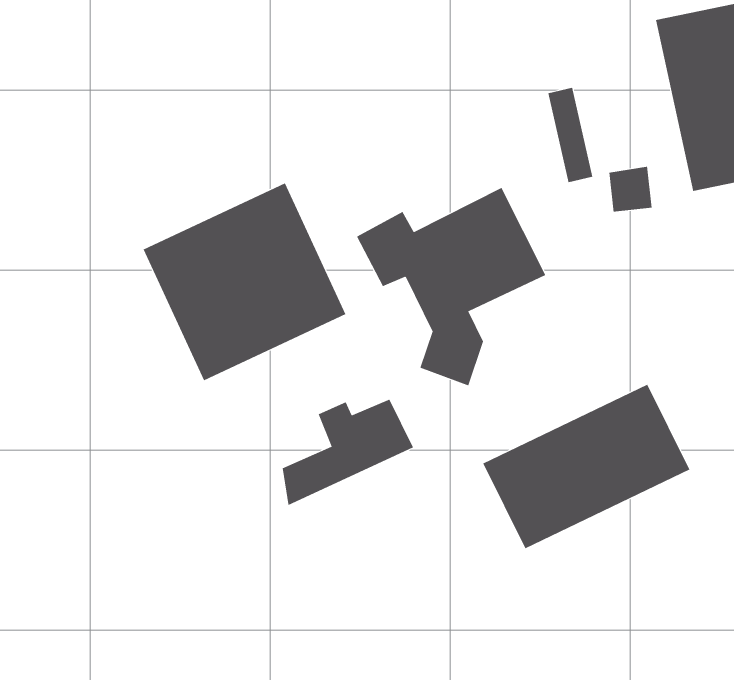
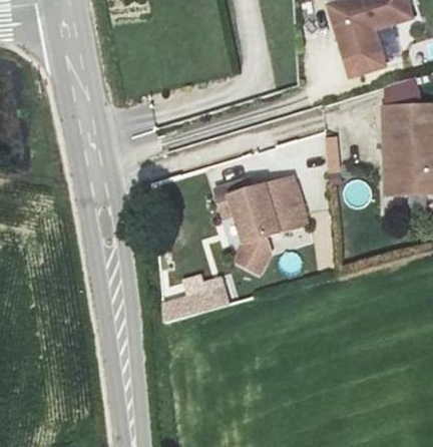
building: [143,183,346,381] -> none
building: [482,384,690,549] -> none

